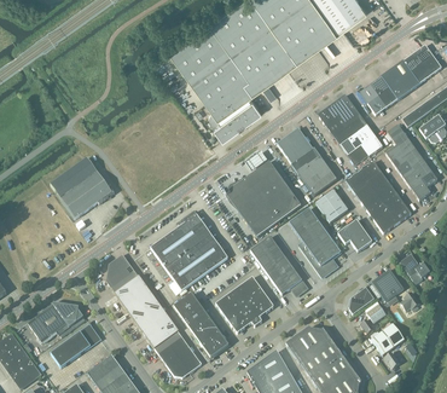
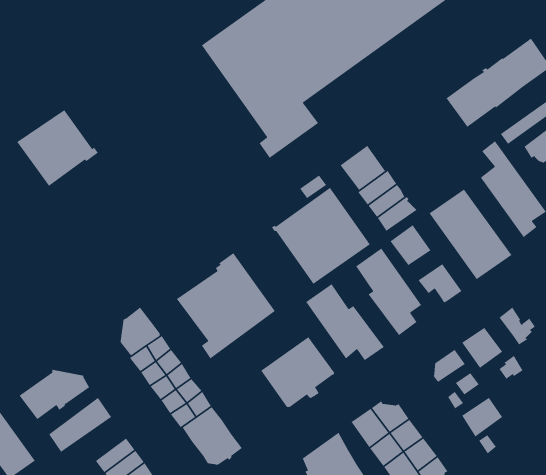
building: [318,94,382,167] -> none
building: [50,158,114,219] -> [16,109,99,187]
building: [173,294,228,358] -> none

